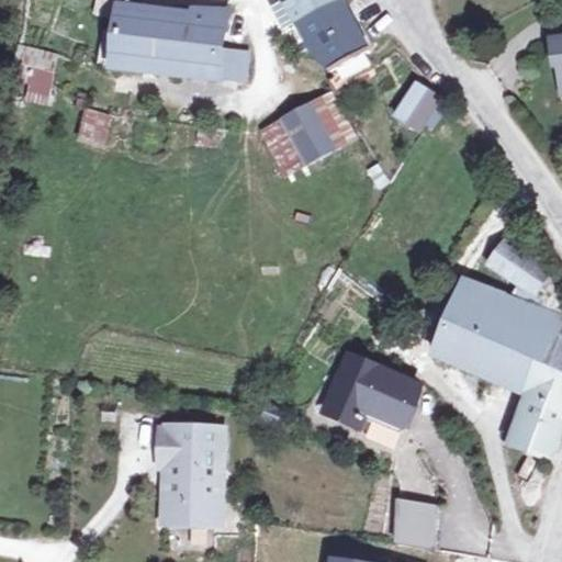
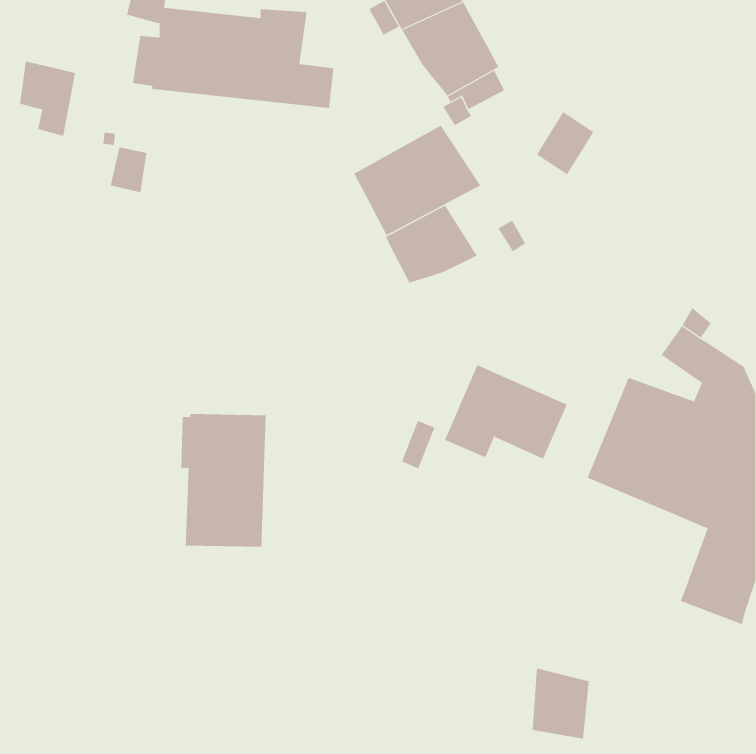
building: none -> [385,205,477,284]
building: [328,355,419,425] -> [444,364,567,459]
building: [159,425,223,524] -> [180,414,267,547]

